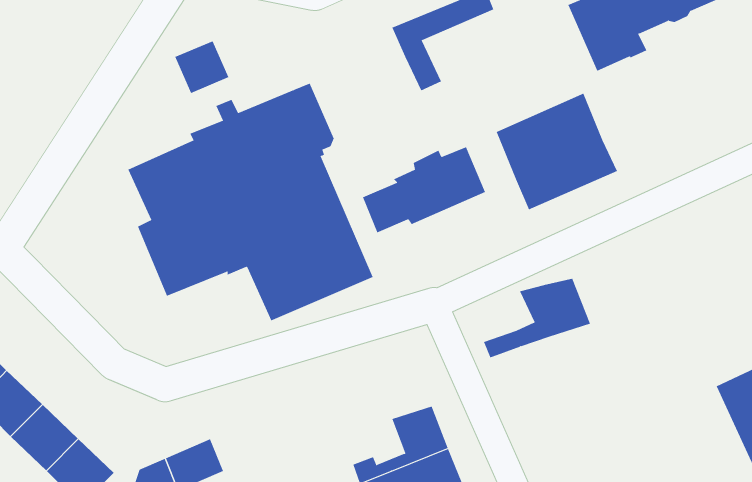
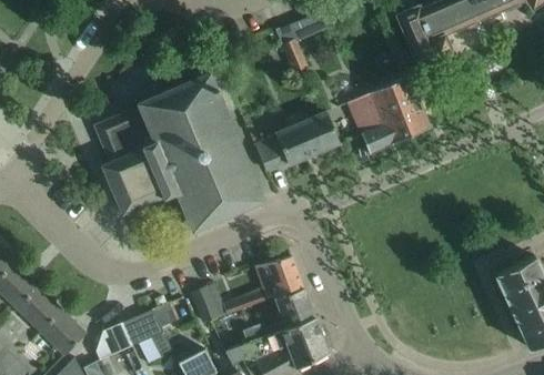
building: [174,40,229,94] -> none
building: [483,278,591,358] -> [230,256,303,311]
building: none -> [190,284,220,322]

